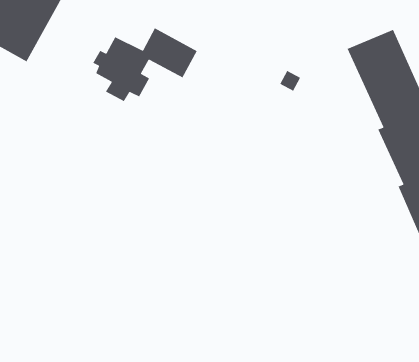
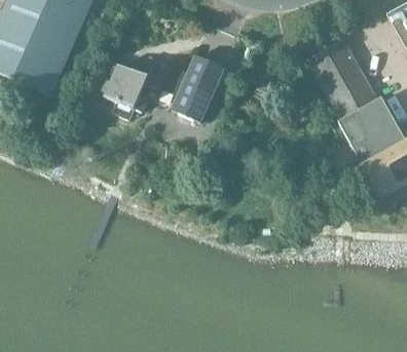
building: none -> [171,53,225,119]

